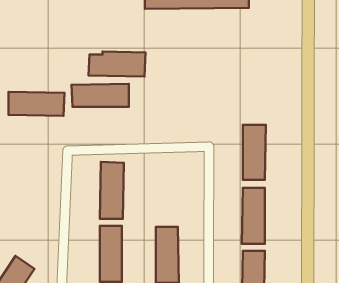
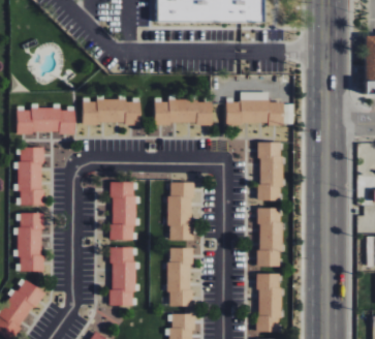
building: [88,51,145,76] -> [154,99,213,125]
building: none -> [226,92,283,124]
building: none -> [18,147,43,206]
building: none -> [168,182,193,240]
building: none -> [19,213,43,271]

